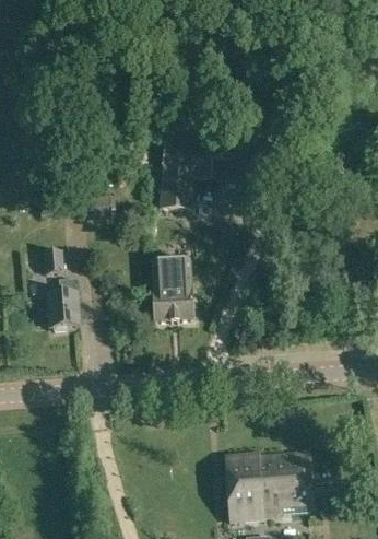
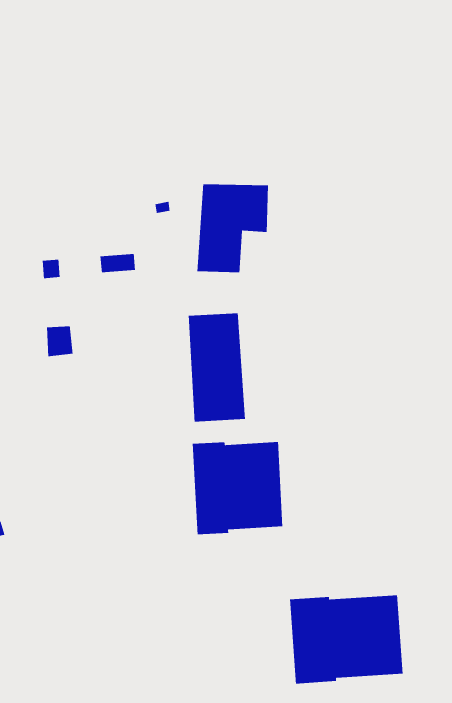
building: [47,279,79,330] -> none
building: none -> [192,441,283,535]

